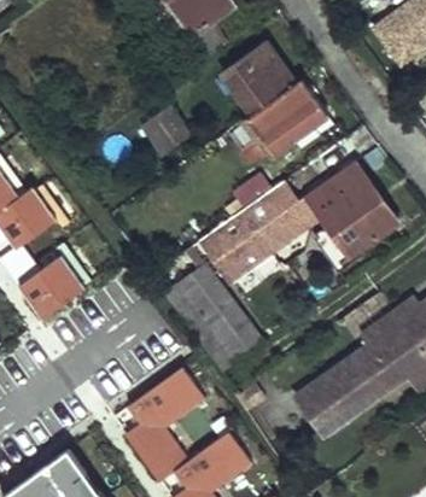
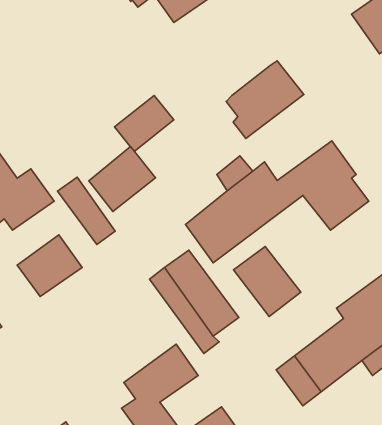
building: [216,42,285,111] -> none
building: none -> [89,147,155,212]
building: none -> [58,177,115,245]
building: none -> [234,247,301,317]

